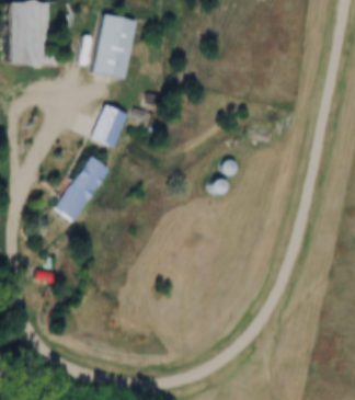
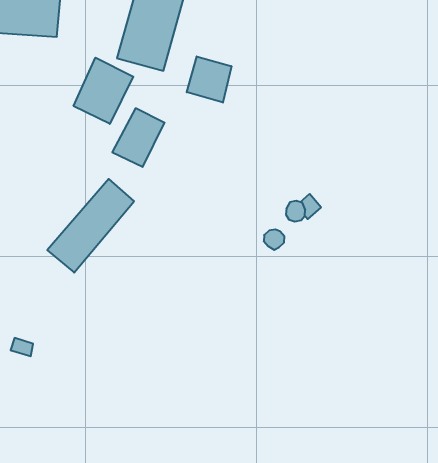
building: none -> [187,56,231,103]
building: none -> [74,58,133,124]

